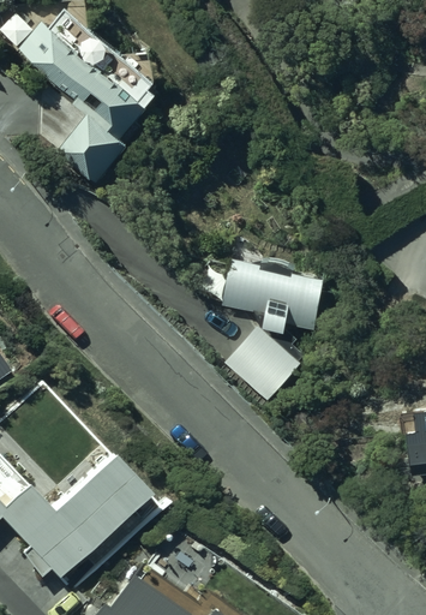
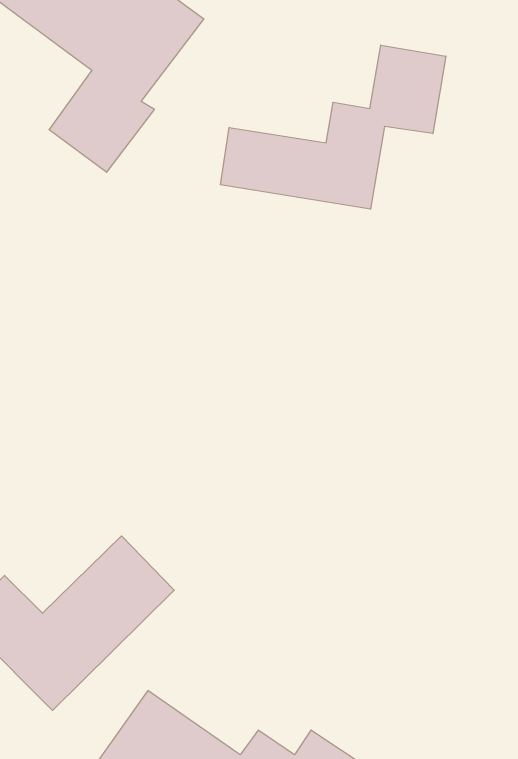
building: none -> [220,45,446,209]
building: [221,262,325,408] -> none

